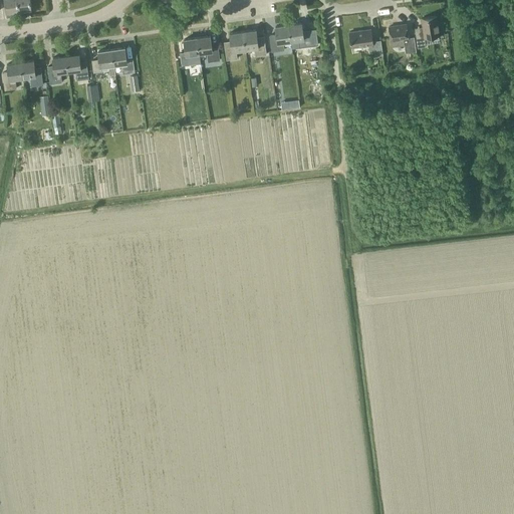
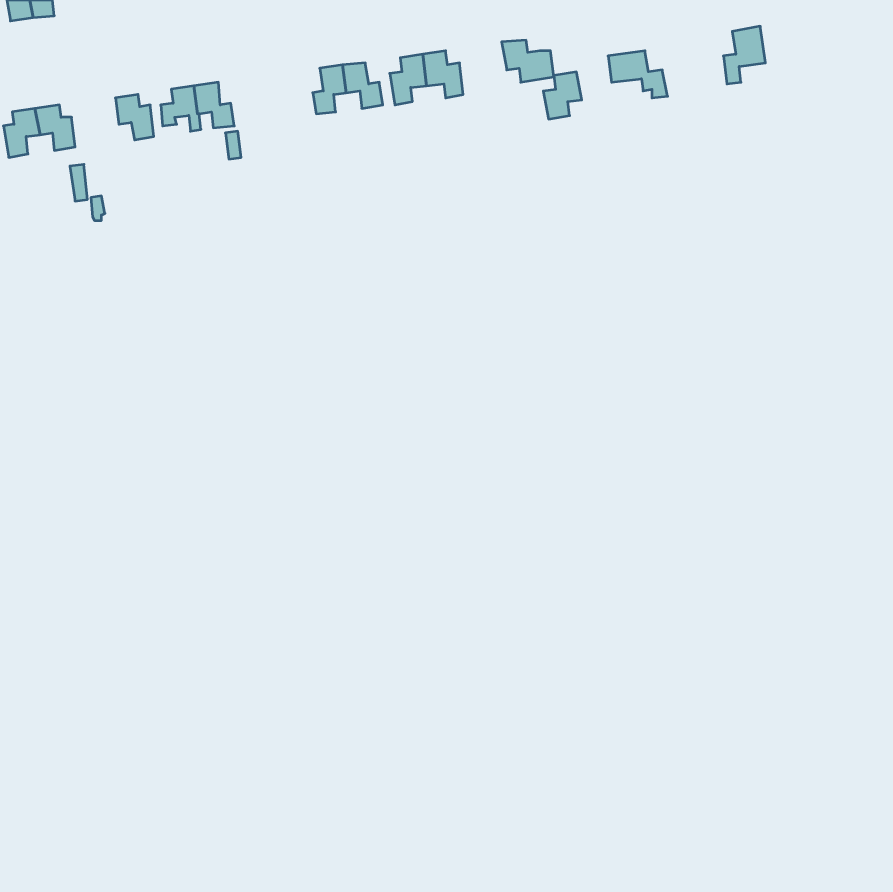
building: [269,25,291,52] -> [543,72,582,119]
building: [389,25,416,54] -> none
building: [48,57,68,84] -> none

